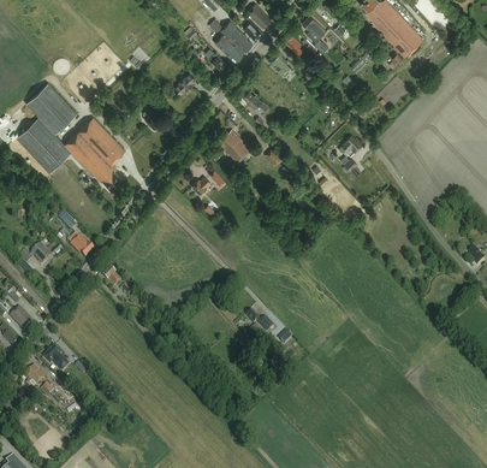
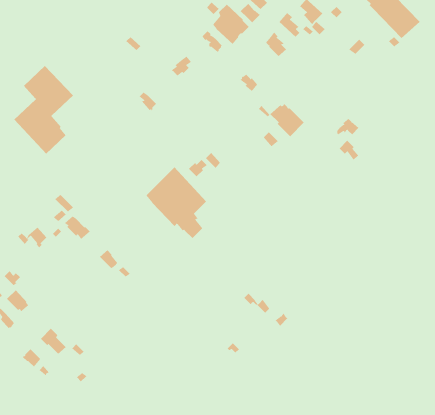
building: [64,115,125,188] -> [145,167,207,239]
building: [216,129,251,162] -> [270,103,305,137]

